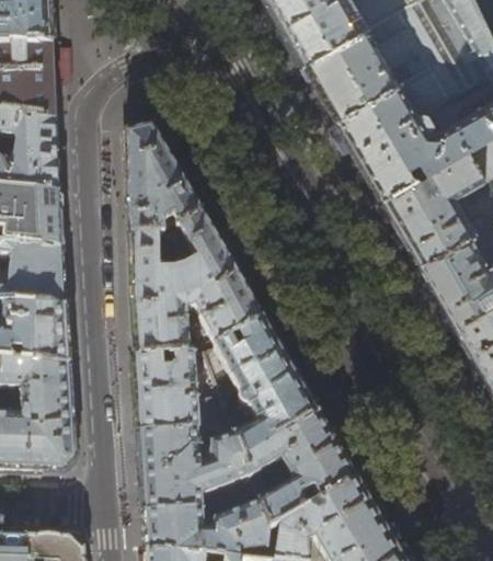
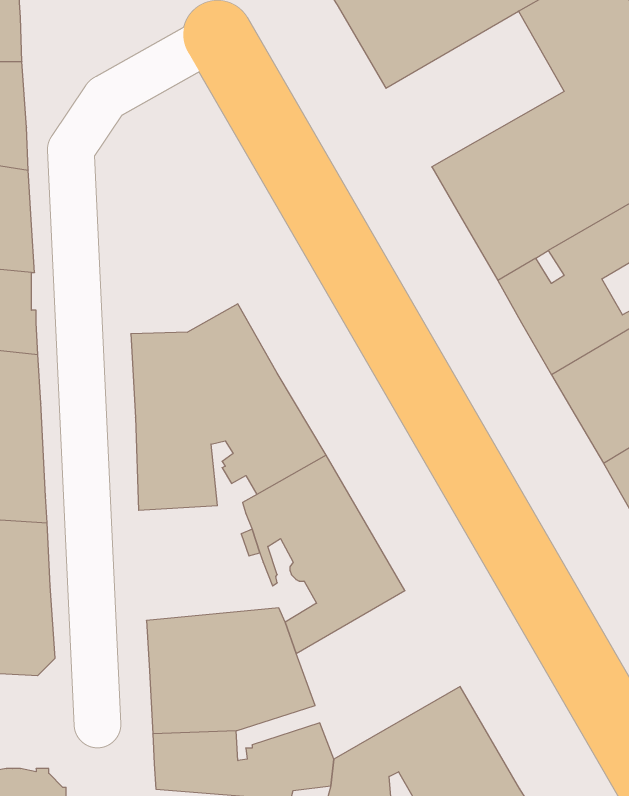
building: [306,11,429,119] -> none
building: [126,126,203,236] -> none
building: [134,353,231,435] -> none
building: [243,414,357,531] -> none

